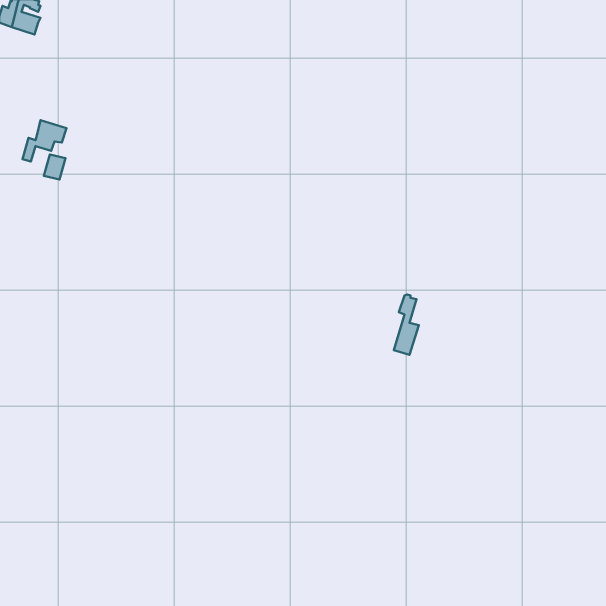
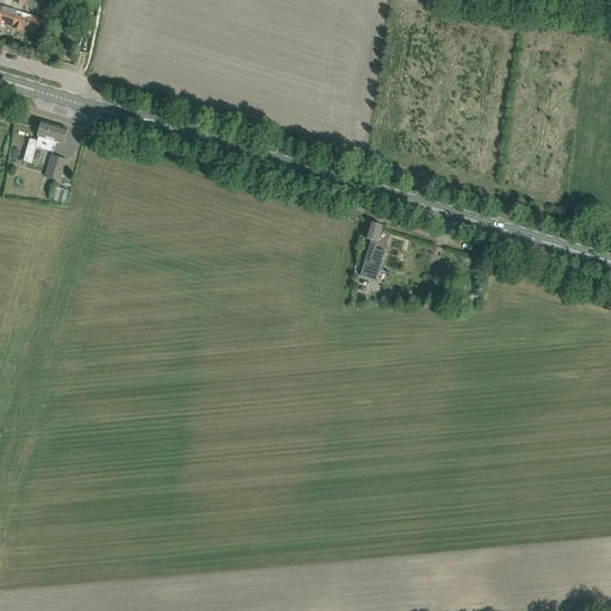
building: [394,294,419,355] -> [359,220,384,280]

